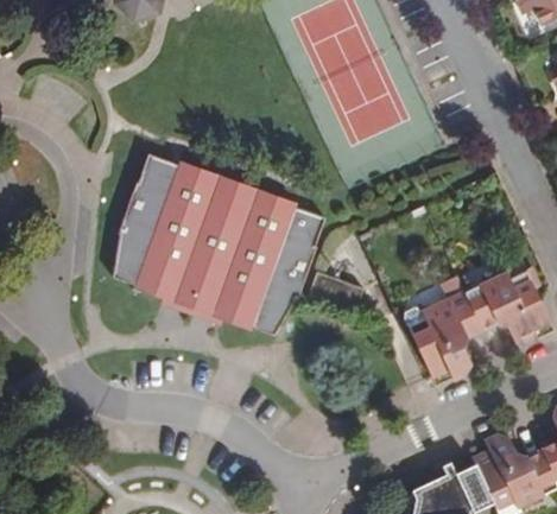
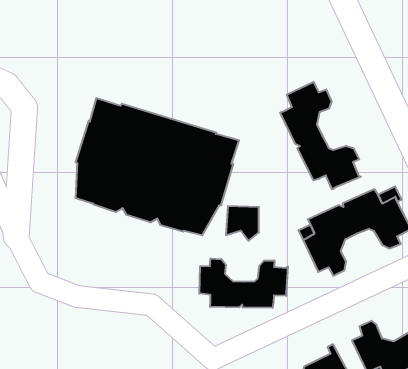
building: none -> [280,82,361,189]
building: none -> [199,258,288,308]

